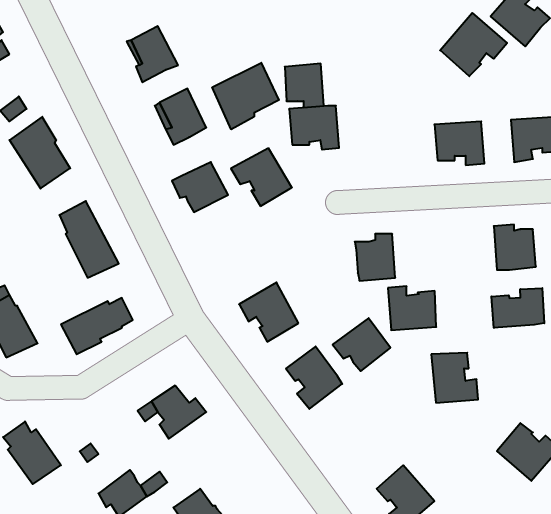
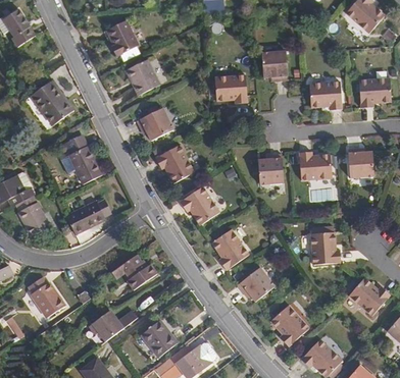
building: [440,13,507,76] -> none
building: [212,63,279,129] -> none
building: [285,64,324,107] -> [263,53,289,82]
building: [231,148,292,206] -> [156,145,196,182]
building: [388,286,436,330] -> [300,152,332,180]
building: [491,288,544,328] -> none
building: [333,318,390,371] -> [239,268,277,303]

